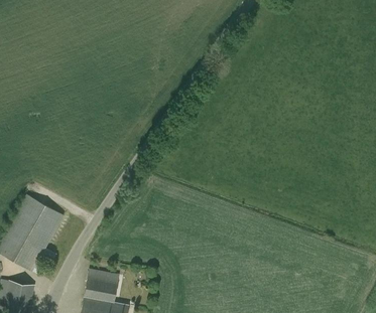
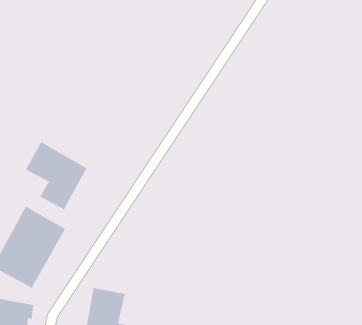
building: none -> [25,141,87,210]

